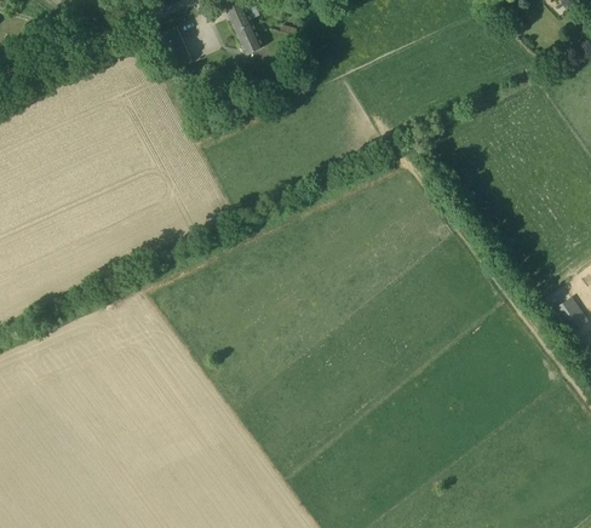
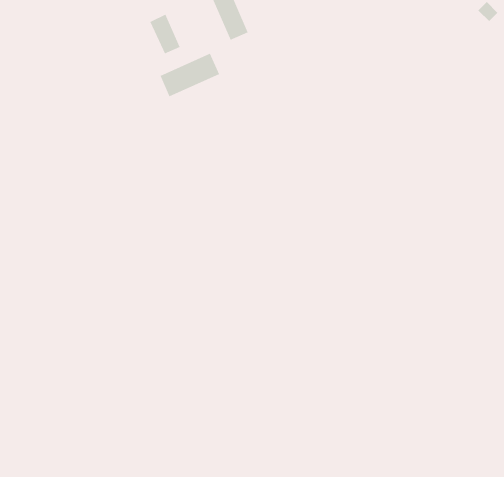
building: none -> [160,53,220,97]

